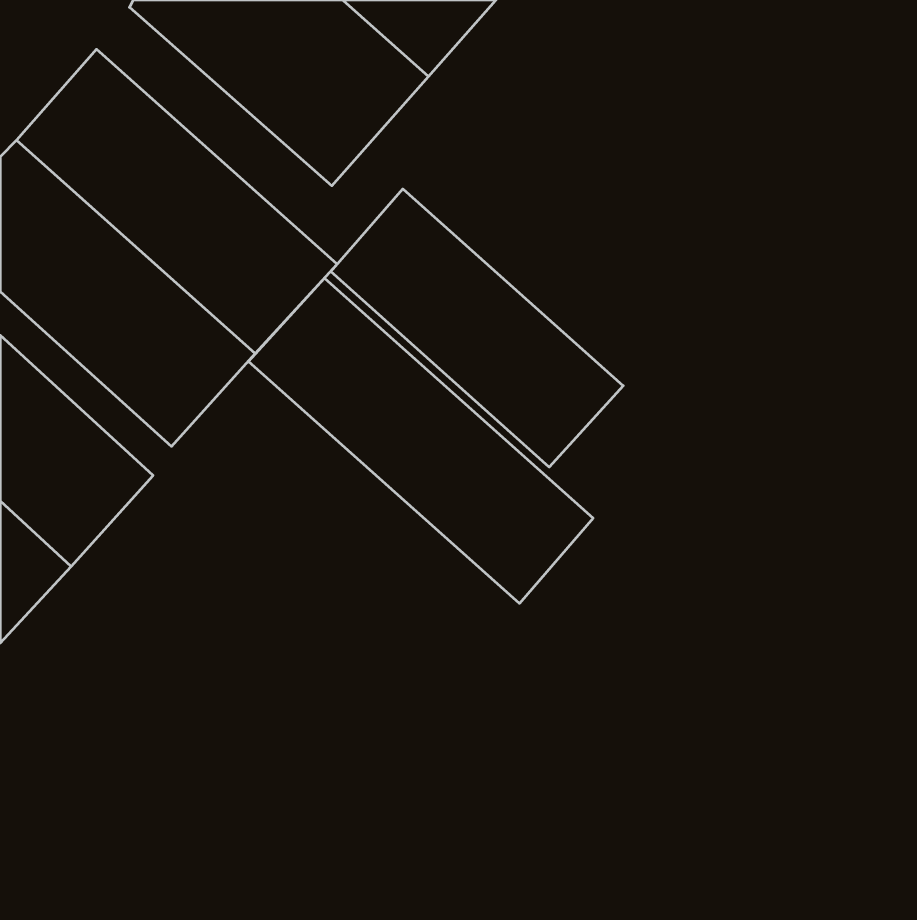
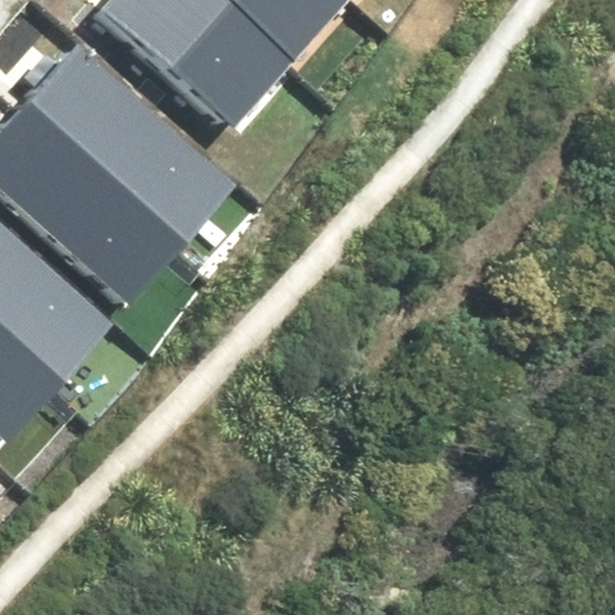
building: [331,189,623,467] -> none
building: [249,278,593,603] -> none

